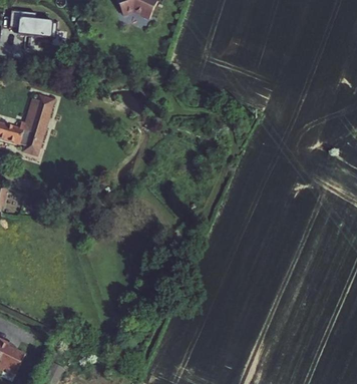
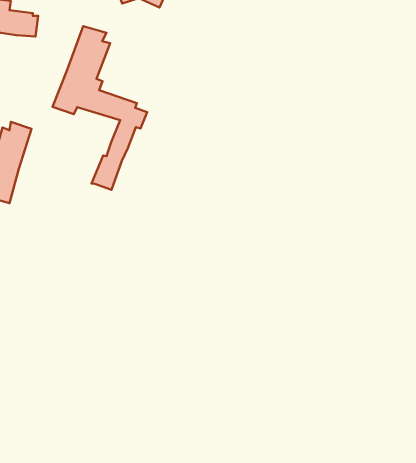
building: none -> [53,26,147,190]

